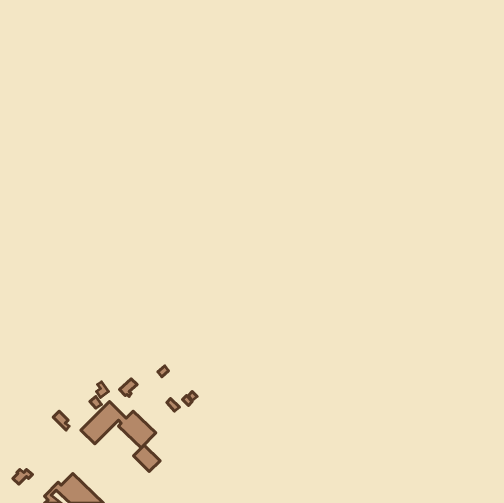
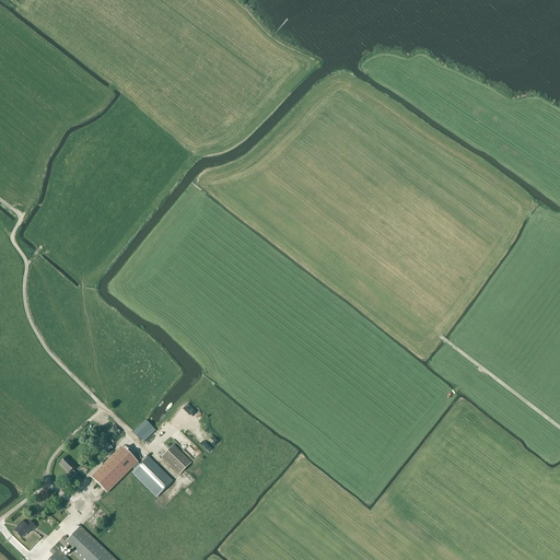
building: [133,445,160,472] -> [162,444,191,474]

